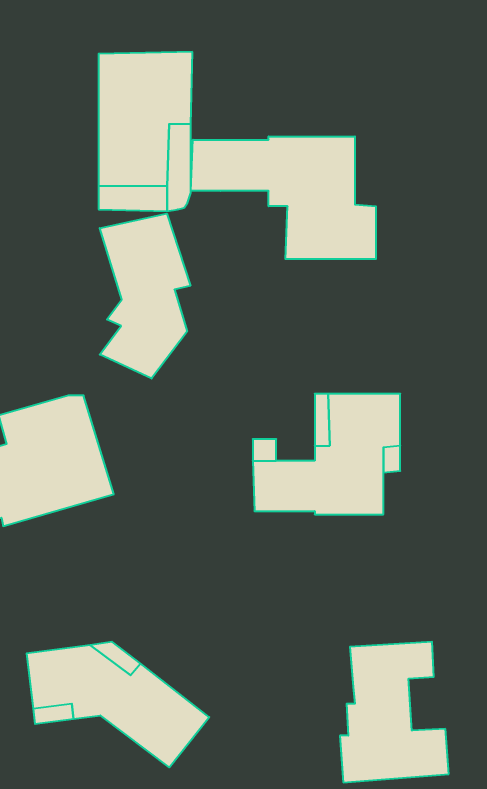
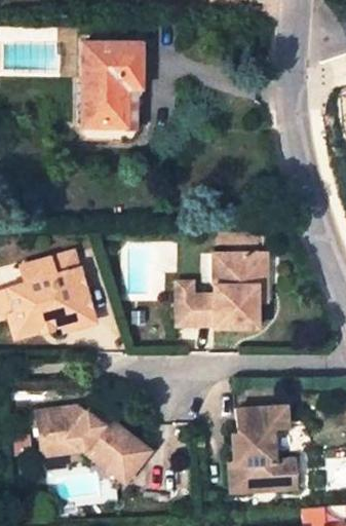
building: [191,136,376,259] -> none
building: [100,214,190,379] -> none

